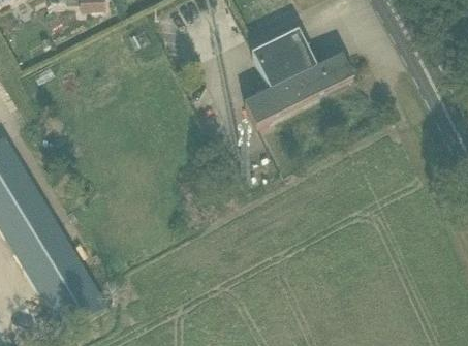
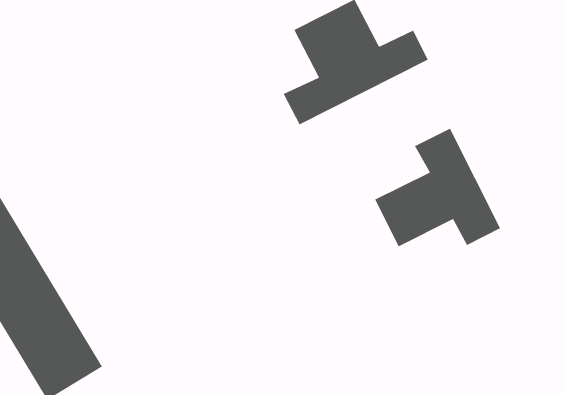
building: none -> [375,128,501,247]

